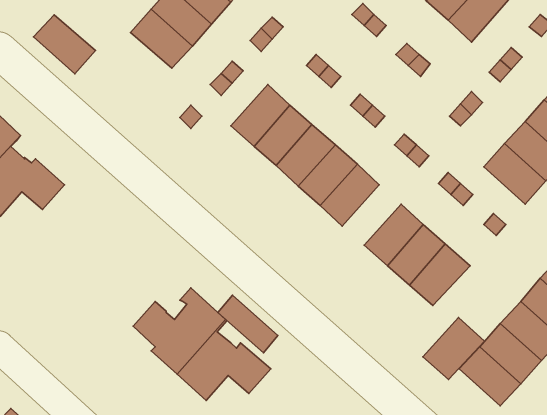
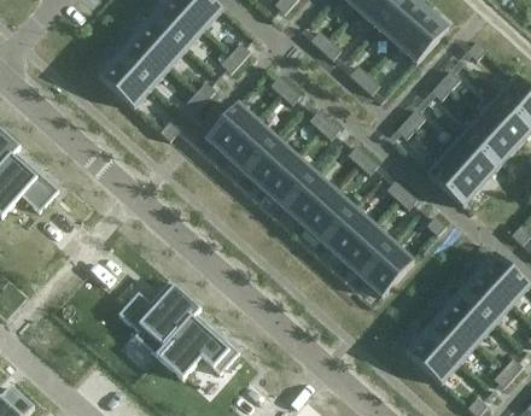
building: [34,15,95,74] -> [98,55,152,107]
building: none -> [302,189,354,242]
building: [218,295,278,353] -> none
building: [423,317,485,379] -> none

